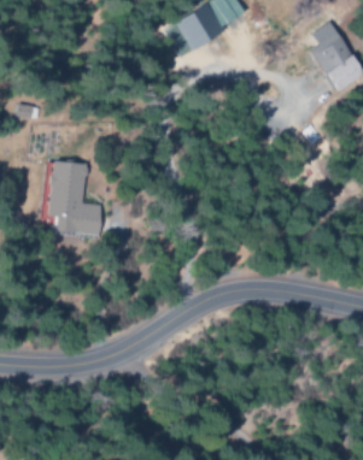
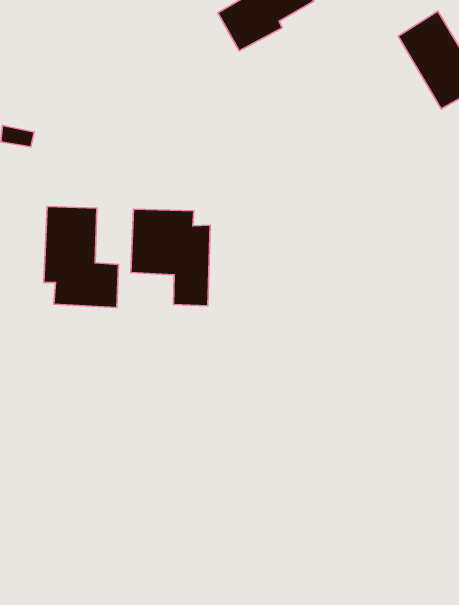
building: none -> [131,209,210,306]

